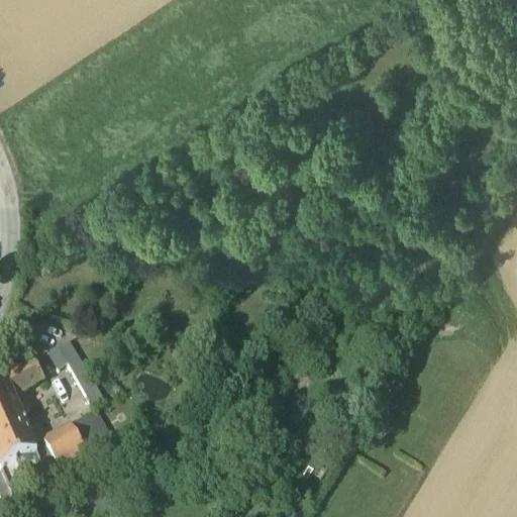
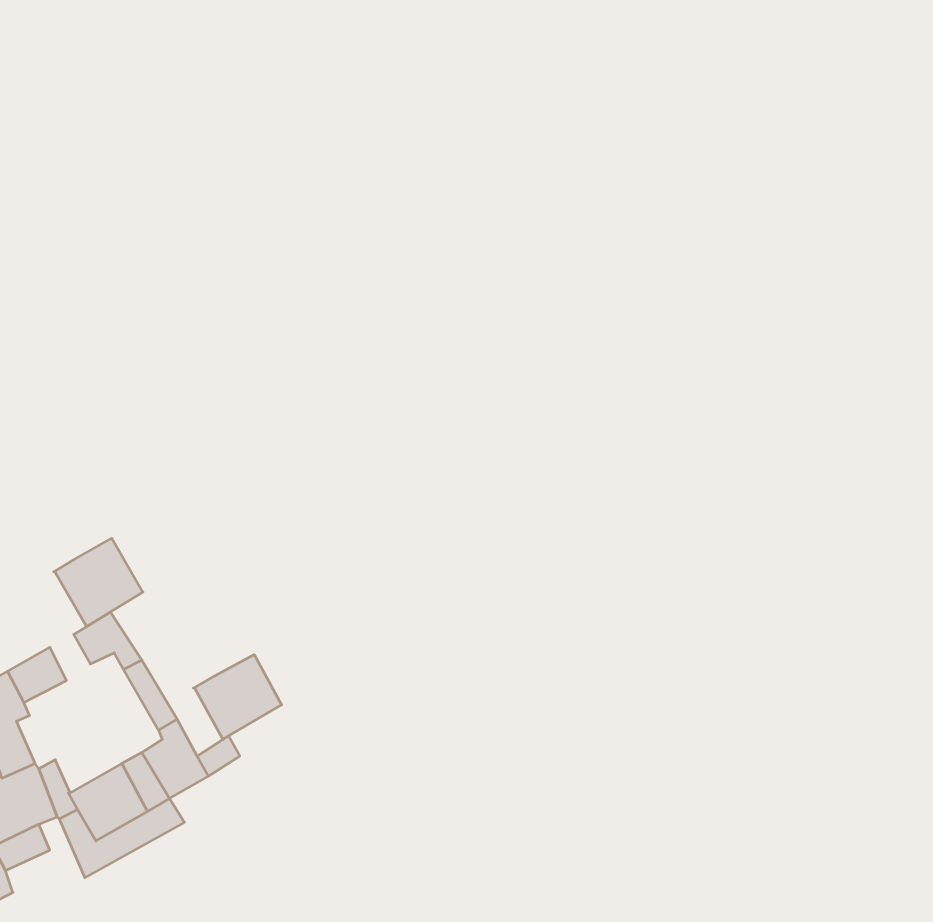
building: none -> [54,538,143,627]
building: none -> [193,655,282,739]

